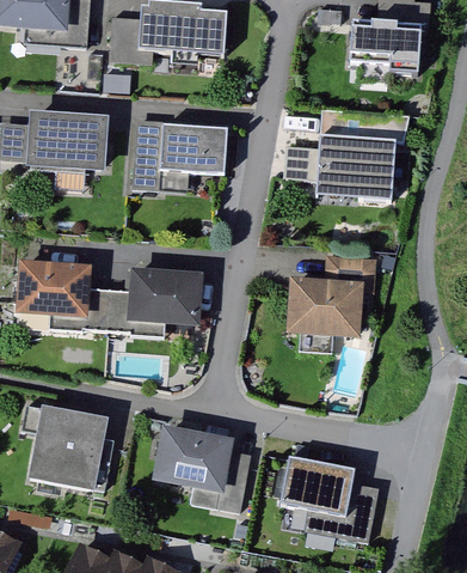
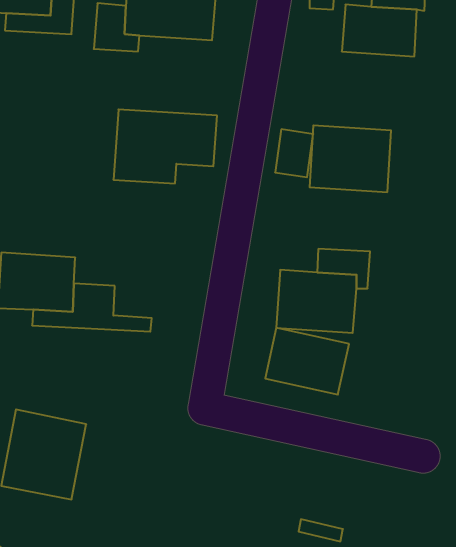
building: [25,109,107,169] -> none
building: [127,266,203,324] -> none
building: [147,435,246,499] -> none
building: [289,456,370,520] -> [265,328,349,395]

